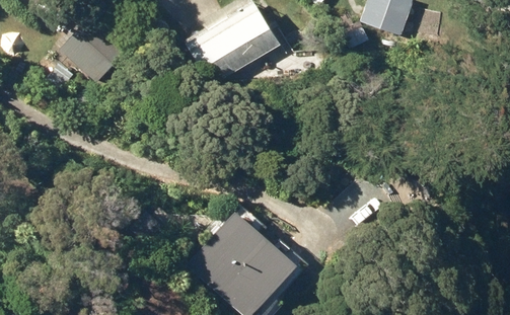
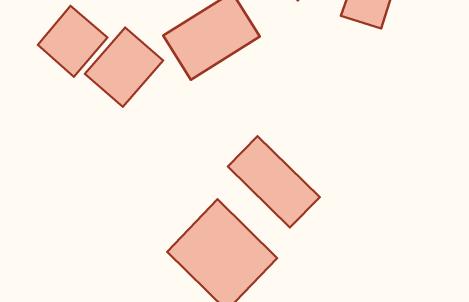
building: none -> [85,27,163,107]
building: none -> [228,136,320,228]

